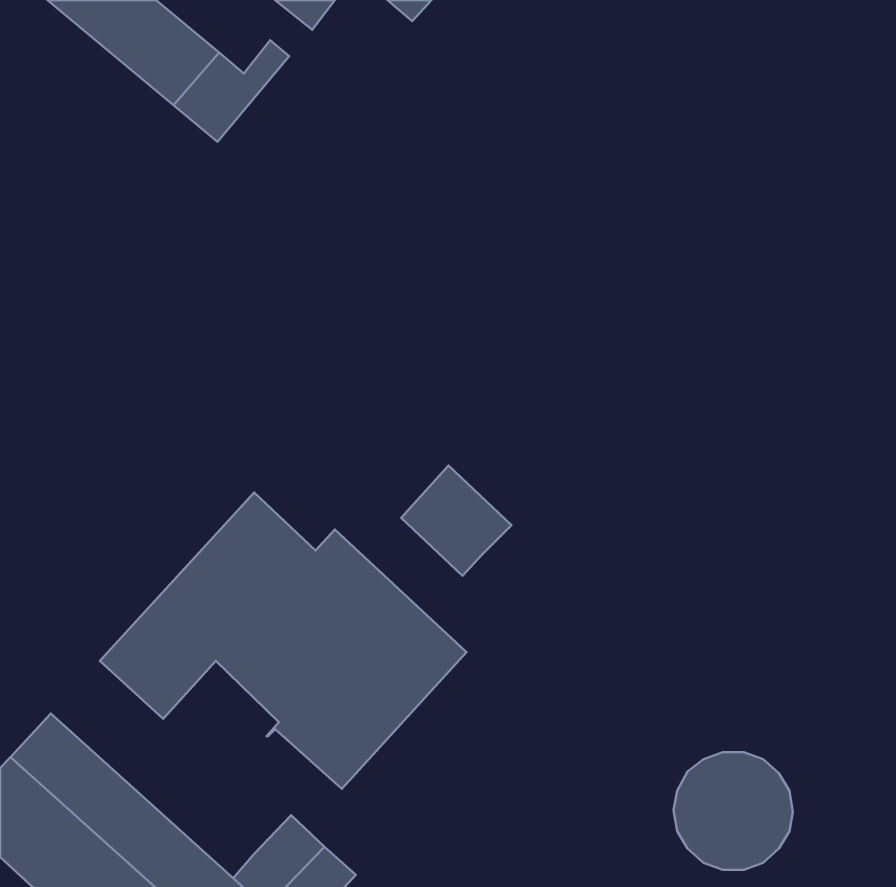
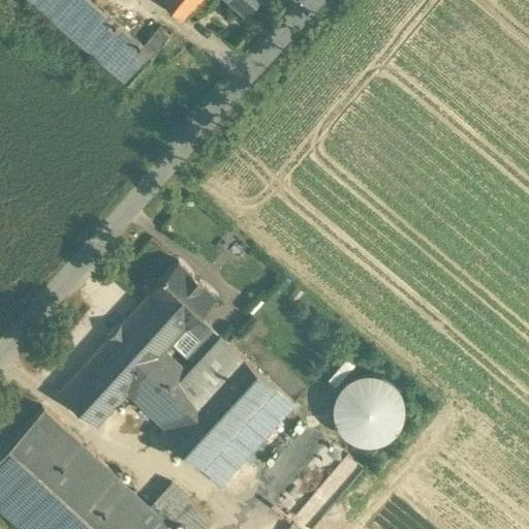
building: [401,465,512,576] -> [150,264,215,330]
building: none -> [201,390,293,488]
building: none -> [30,411,150,523]
building: [674,752,793,870] -> [333,377,403,446]

